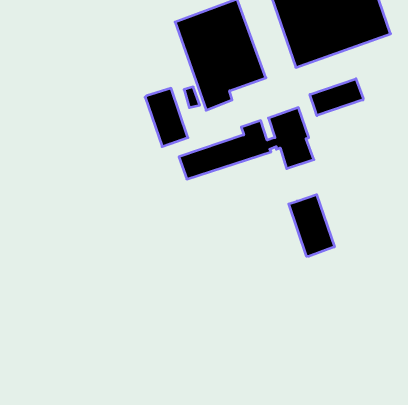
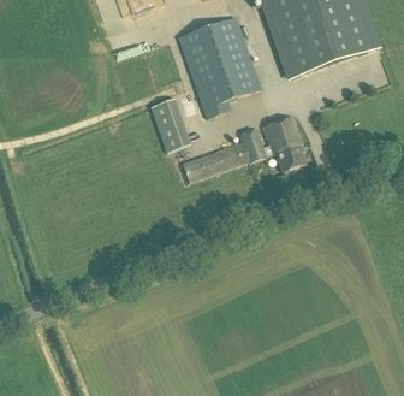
building: [310,79,363,116] -> none
building: [289,195,334,256] -> none

